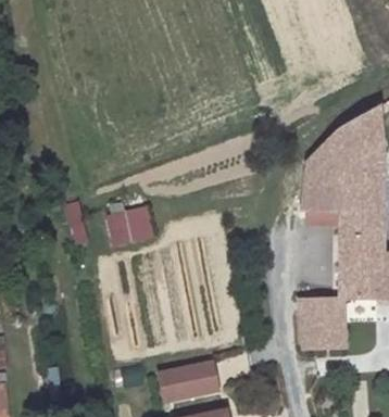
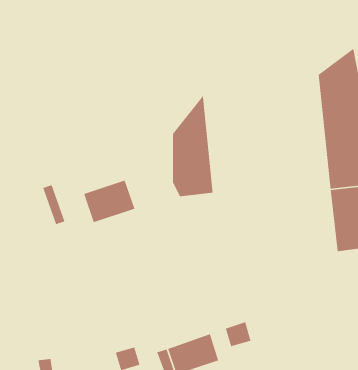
building: [302,128,341,223] -> [172,94,214,197]
building: [299,296,346,349] -> none

